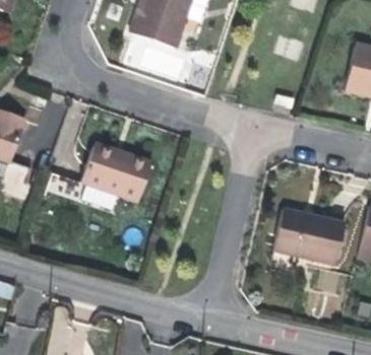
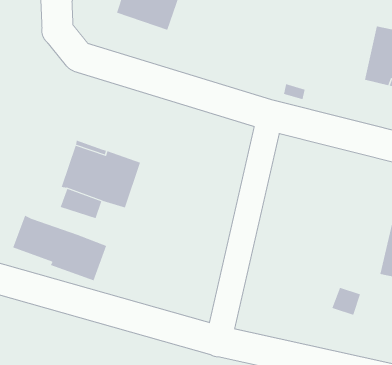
building: none -> [13,215,107,281]
building: [273,208,346,263] -> none

